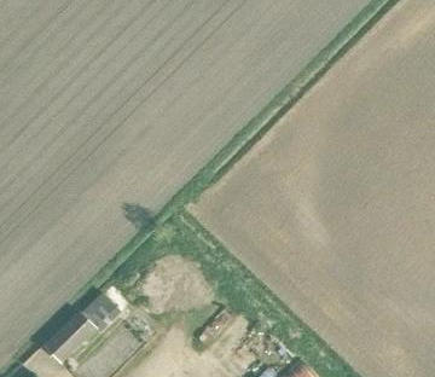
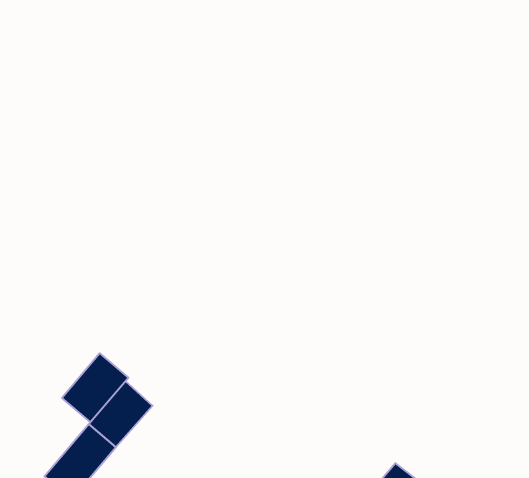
building: none -> [62,353,128,422]

